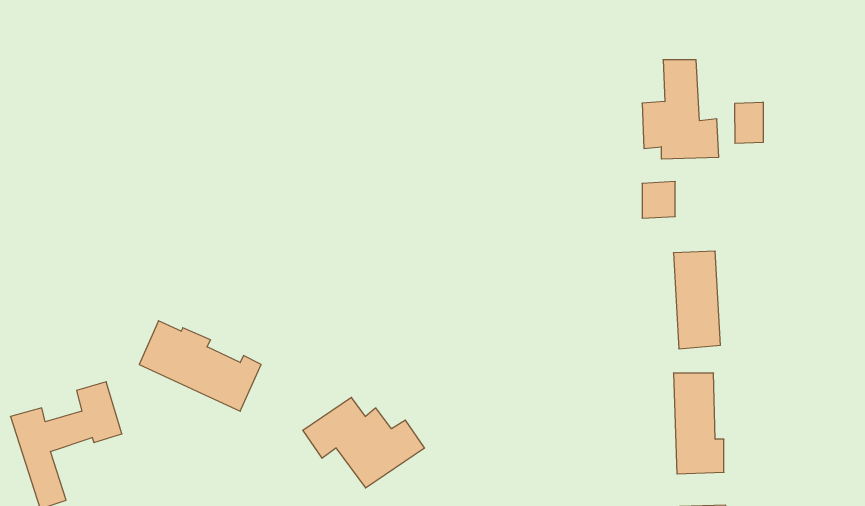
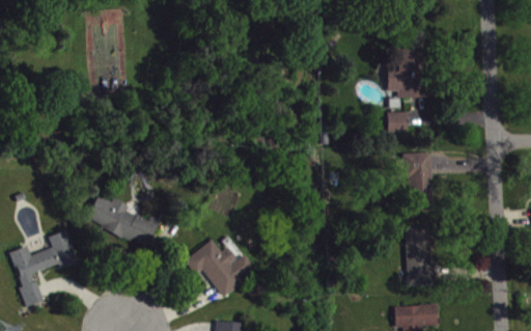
building: [735,102,763,143] -> none

